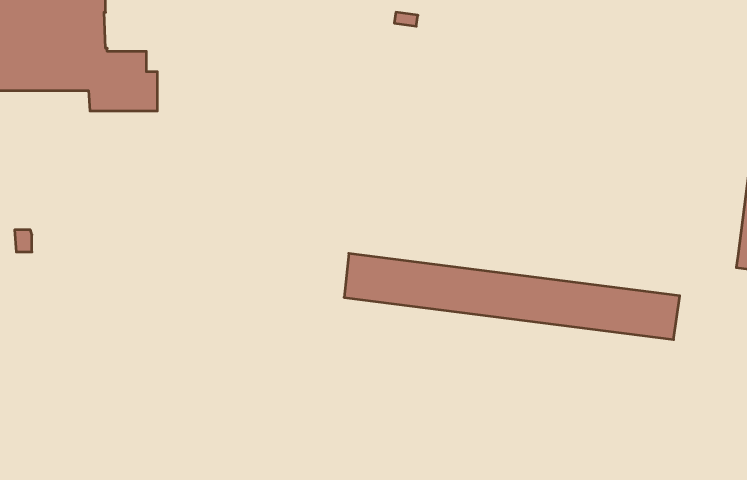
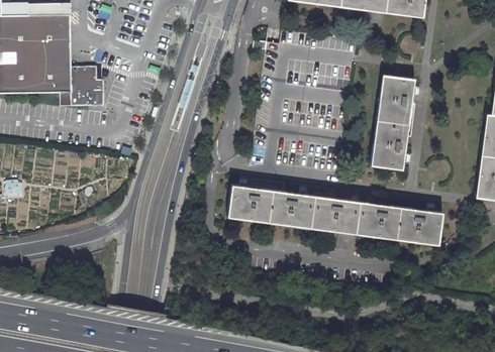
building: none -> [373,81,413,178]

